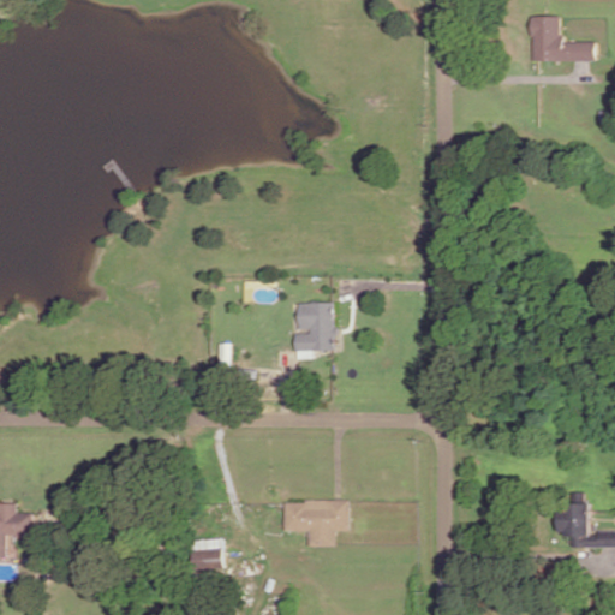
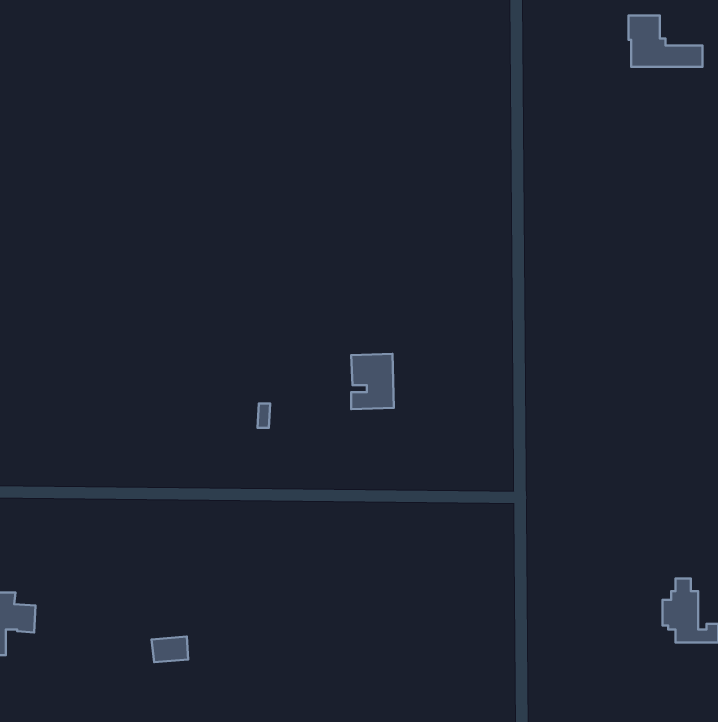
building: [283,501,346,547] -> none
building: [189,539,220,561] -> [151,637,188,662]

